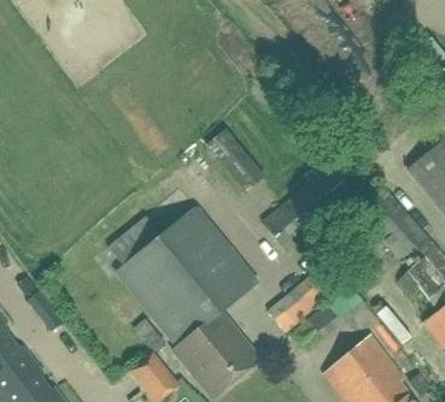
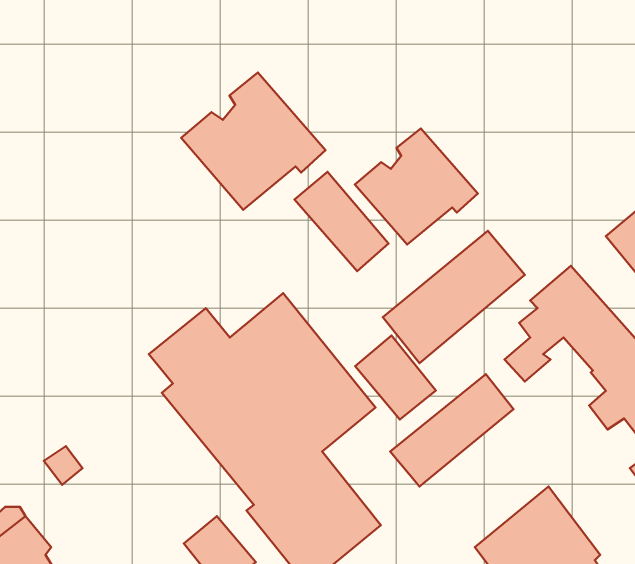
building: none -> [181,73,326,210]
building: none -> [355,128,478,245]
building: none -> [355,335,436,419]

